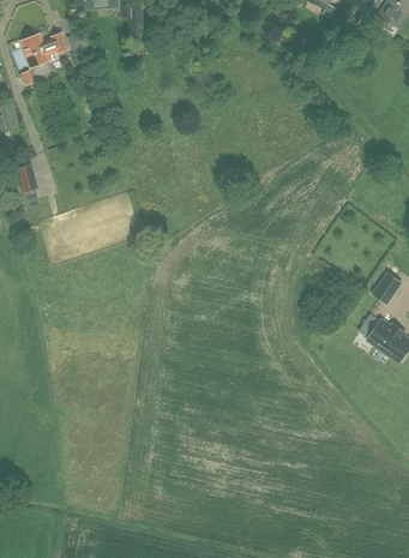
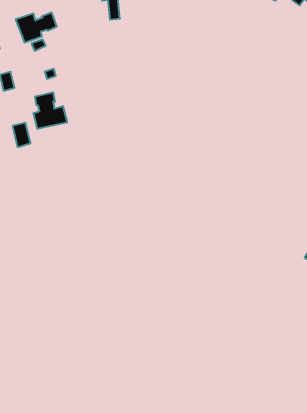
building: none -> [34,92,67,129]

